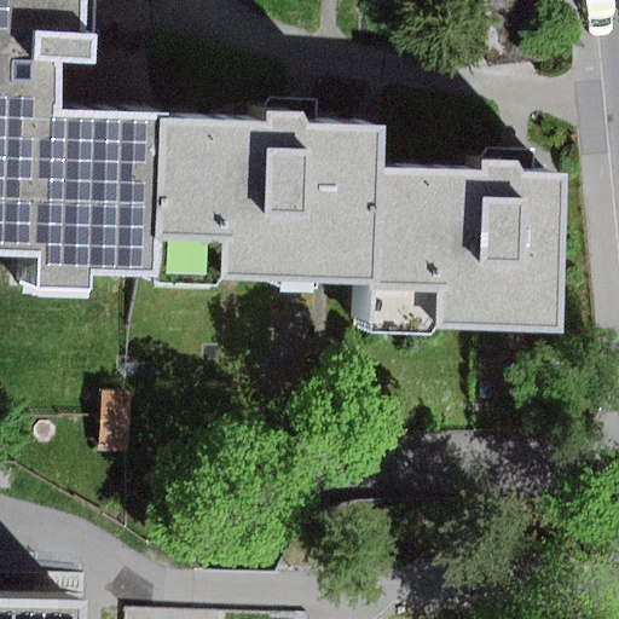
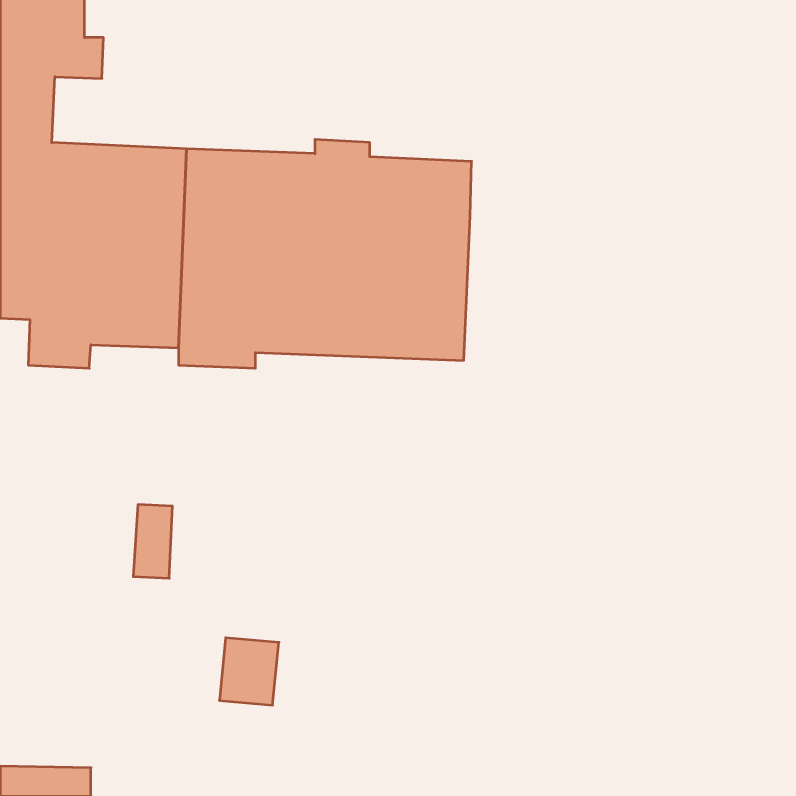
building: [359,156,549,332] -> none

